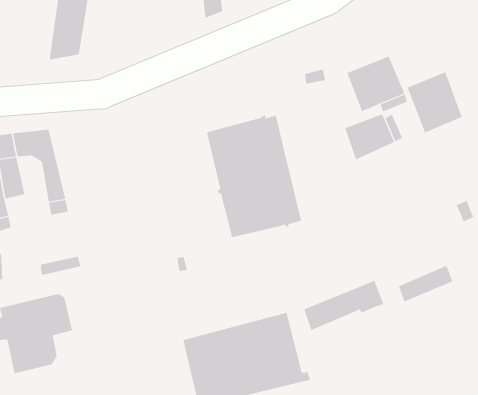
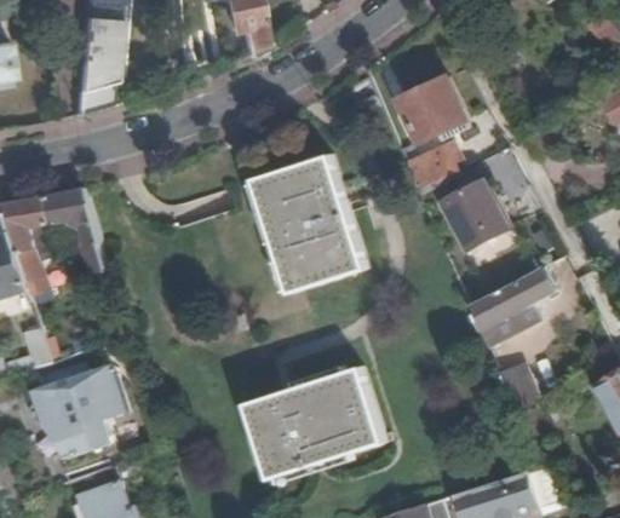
building: [407,71,462,133] -> [442,184,505,253]
building: [304,280,384,331] -> [465,269,552,329]
building: none -> [495,366,539,411]

